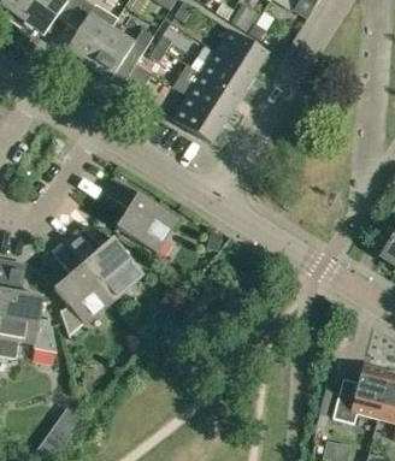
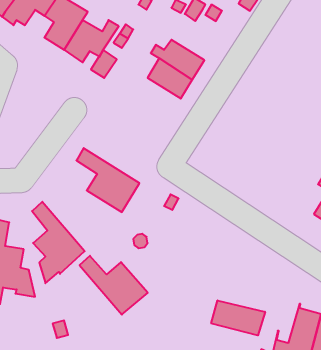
building: [216,28,269,75] -> none
building: [173,95,226,142] -> none
building: [65,229,145,297] -> [80,256,148,315]
building: none -> [211,300,265,335]

